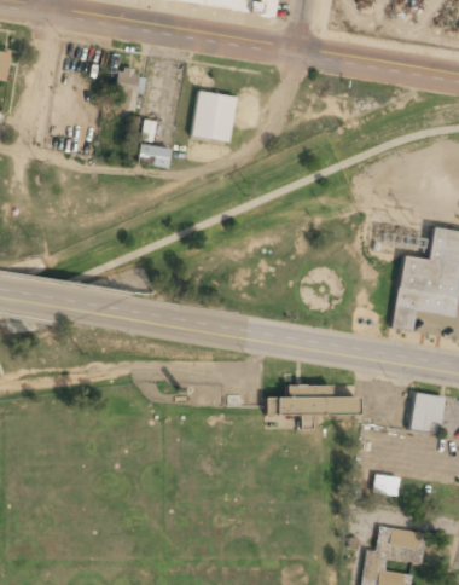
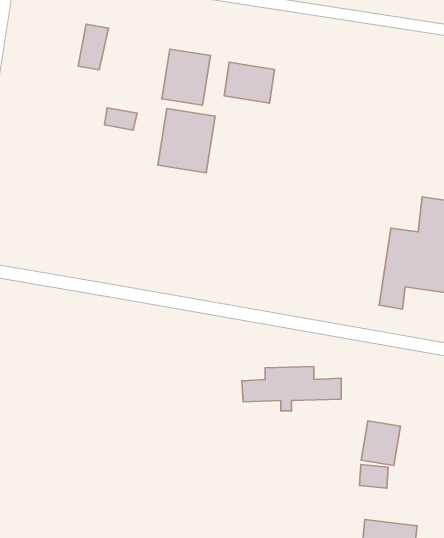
building: none -> [224,62,275,103]
building: none -> [158,109,215,173]
building: [409,392,446,433] -> [361,421,400,465]

